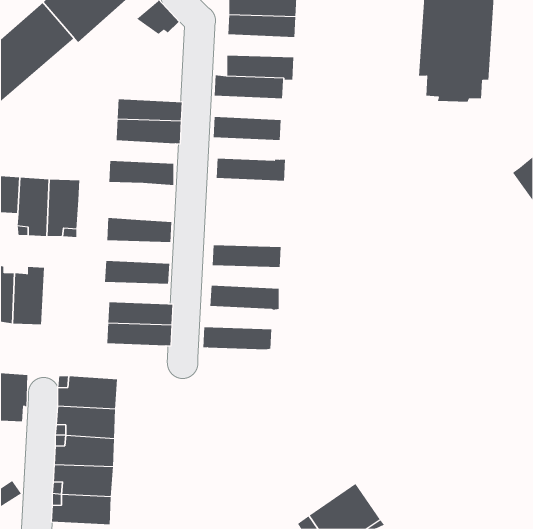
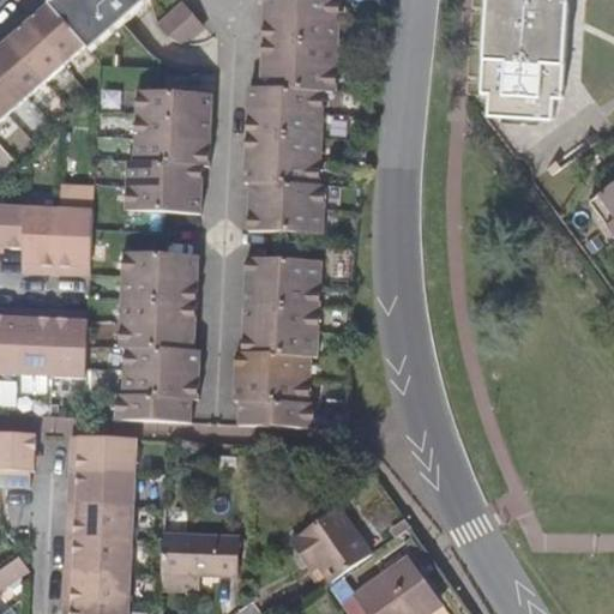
building: none -> [260,40,339,66]
building: none -> [136,88,211,118]
building: none -> [246,110,325,138]
building: none -> [243,158,323,185]
building: none -> [126,159,201,188]
building: none -> [247,205,327,233]
building: none -> [245,257,324,284]
building: none -> [121,277,197,303]
building: none -> [242,306,323,332]
building: none -> [48,308,86,375]
building: none -> [118,325,194,350]
building: none -> [234,353,314,379]
building: none -> [115,395,191,422]
building: none -> [237,401,318,428]
building: none -> [293,506,373,583]
building: none -> [158,530,237,574]

